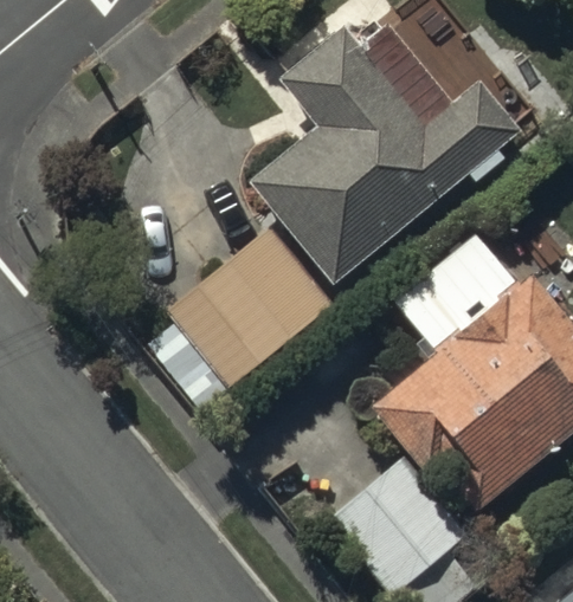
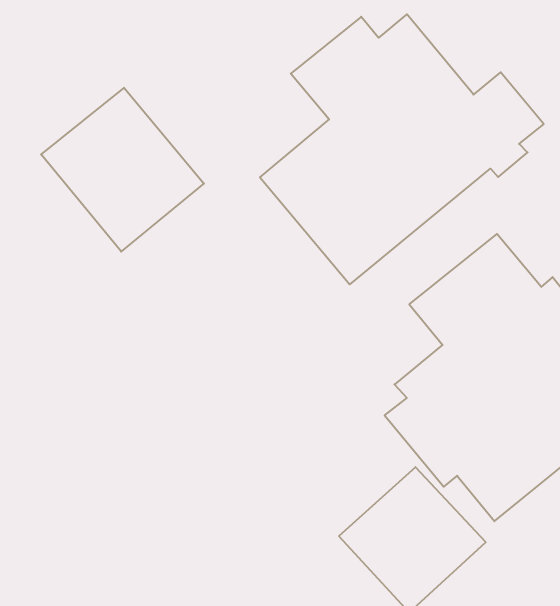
building: none -> [41,88,204,252]
building: [149,224,340,403] -> none

